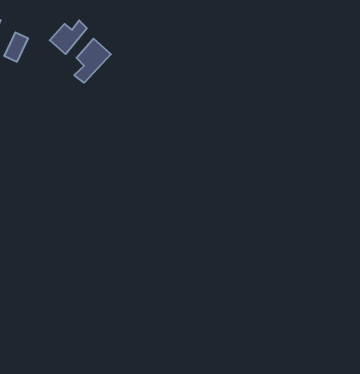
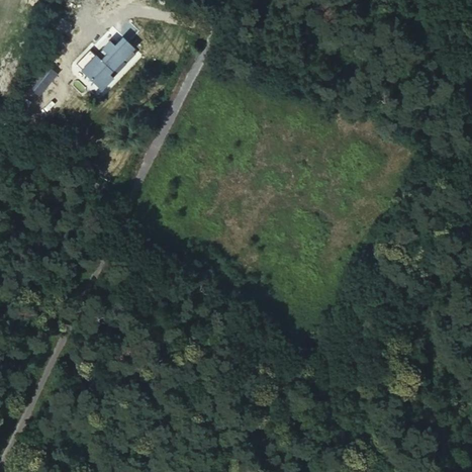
building: [74,39,111,83] -> none

